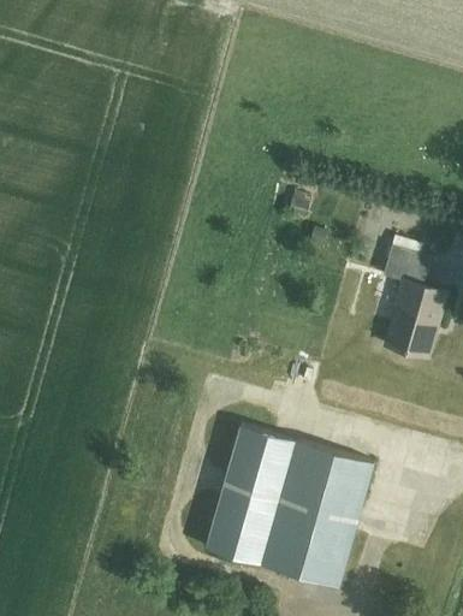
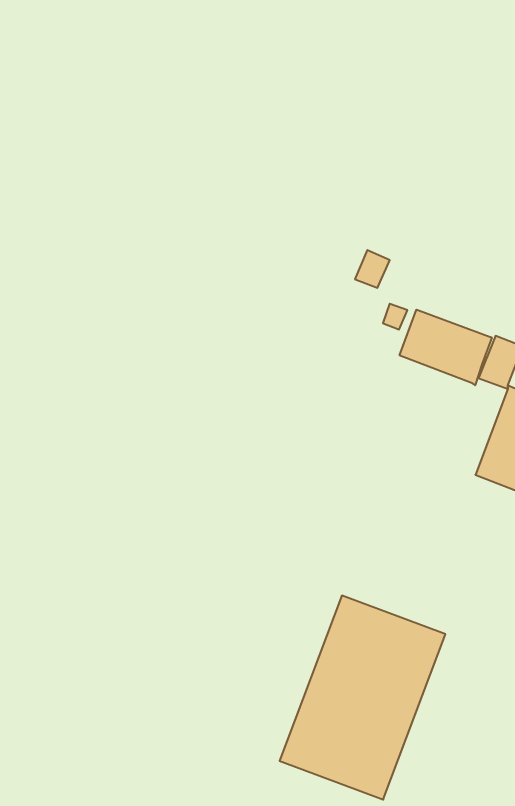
building: none -> [400,310,492,385]
building: [206,426,297,565] -> none

